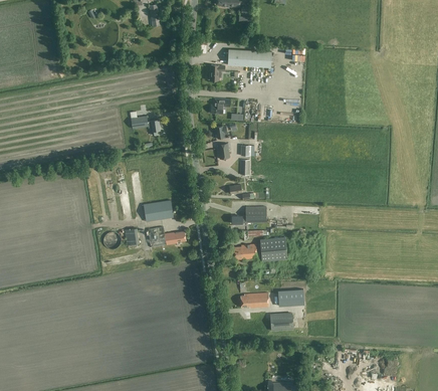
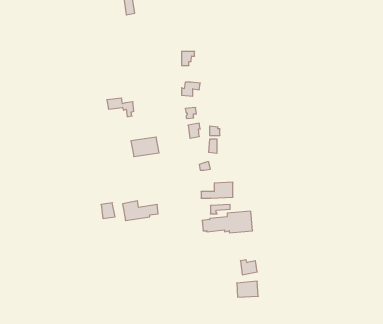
building: [228,49,271,67] -> none
building: [144,200,174,221] -> [131,137,159,157]
building: [241,292,269,308] -> none

